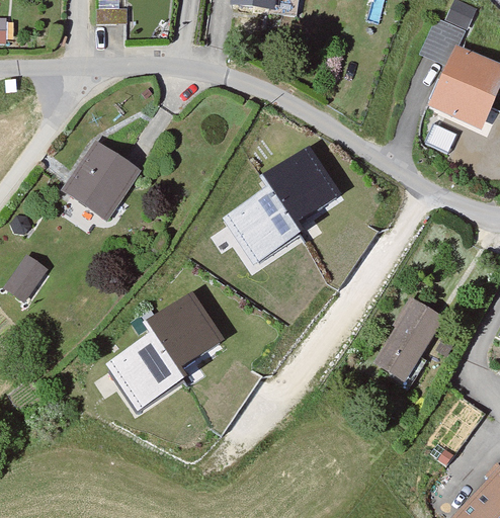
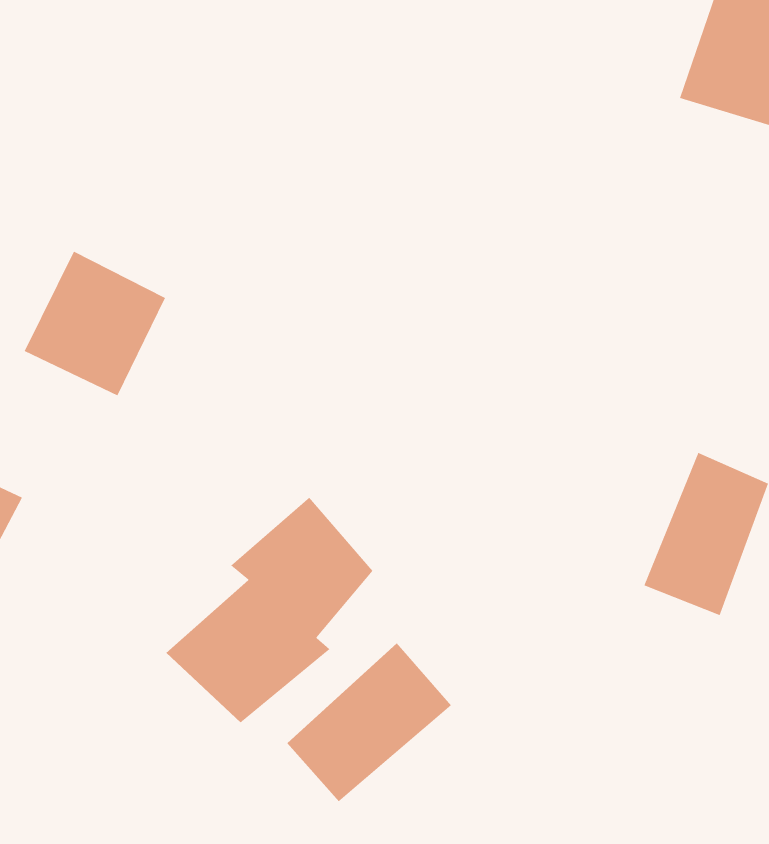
building: [228,141,347,263] -> none
building: none -> [286,643,452,802]

